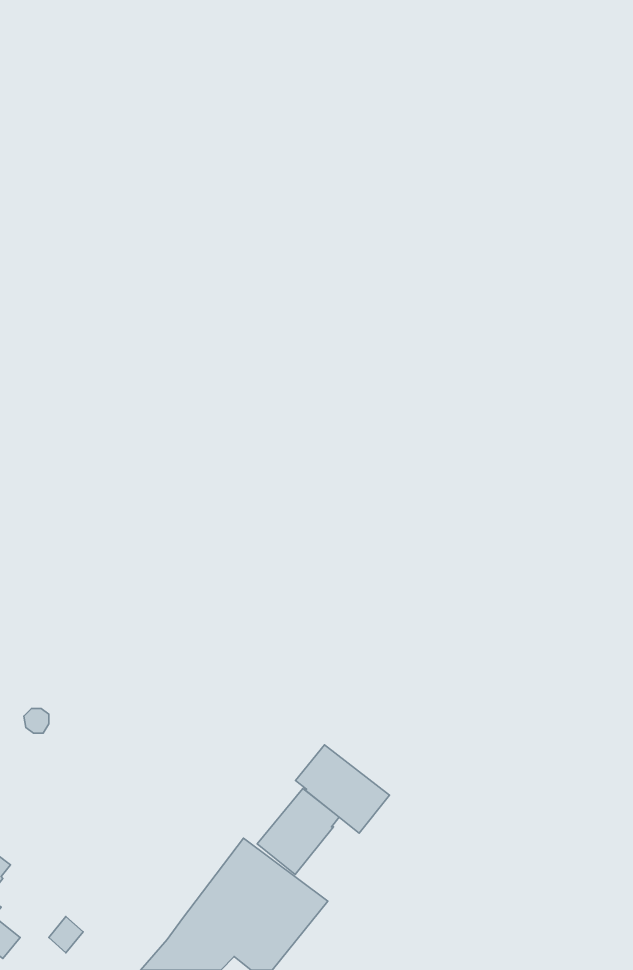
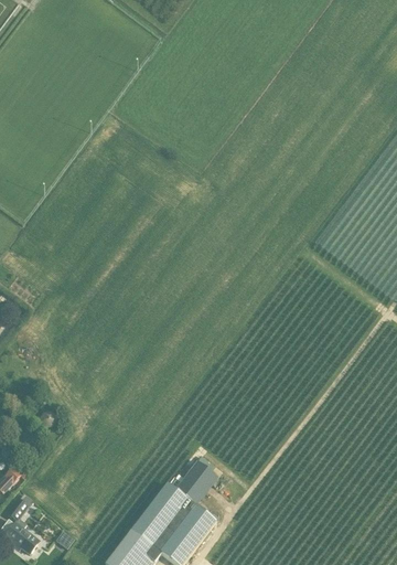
building: [296,745,389,833] -> none

